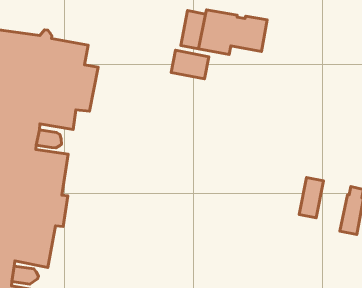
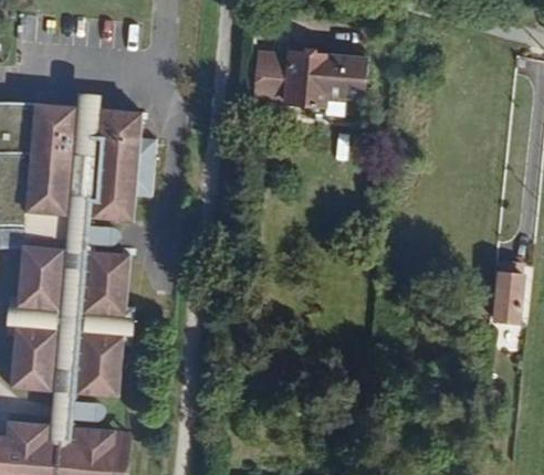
building: [171,50,209,79] -> none
building: [299,177,323,218] -> none

